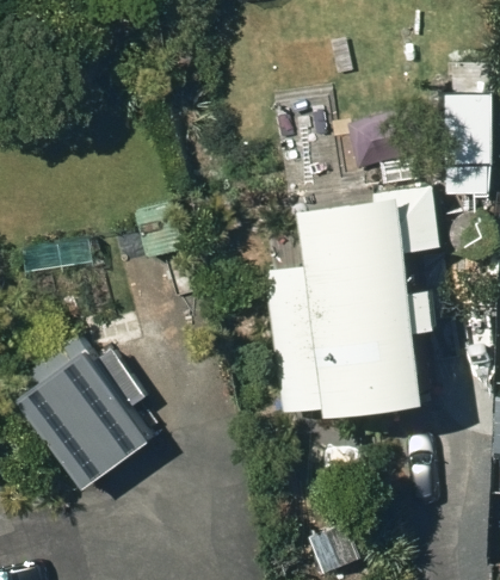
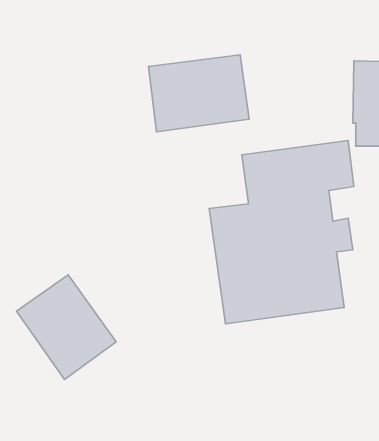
building: none -> [148,55,249,132]

